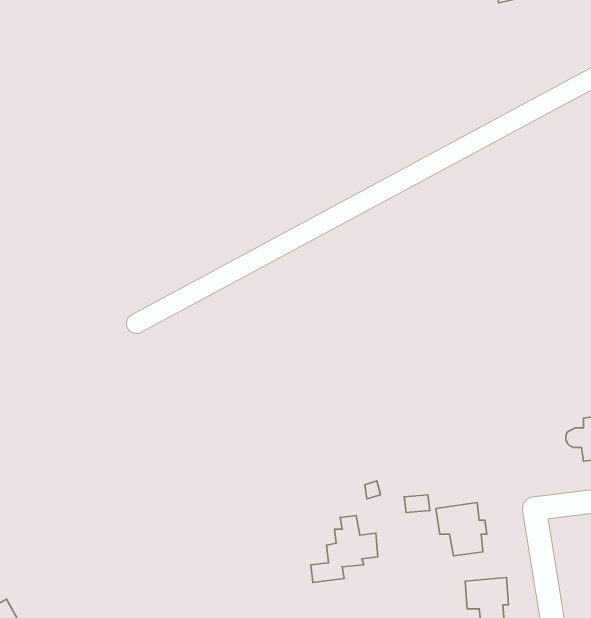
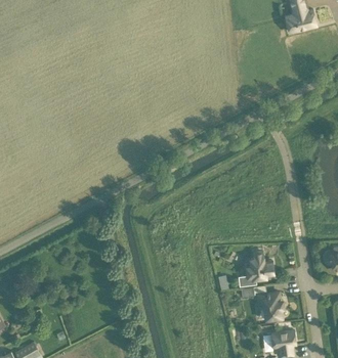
building: [311,516,378,582] -> [238,252,272,286]

